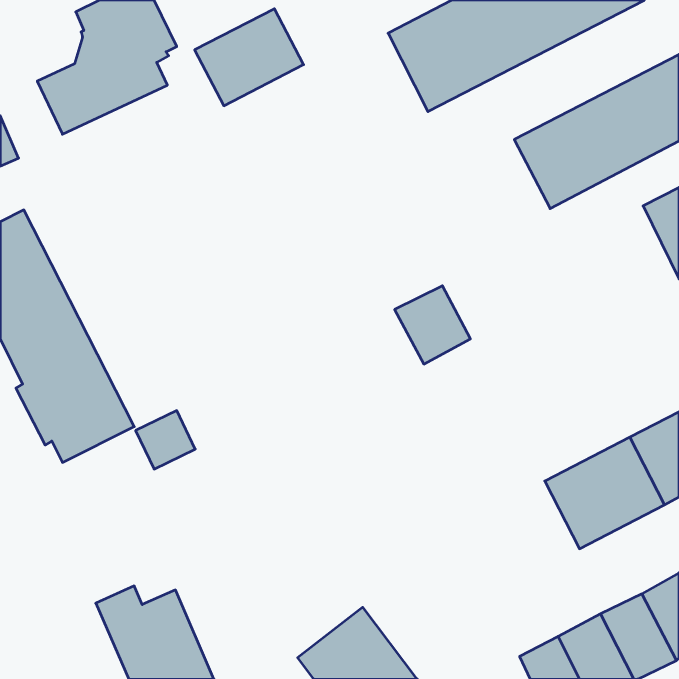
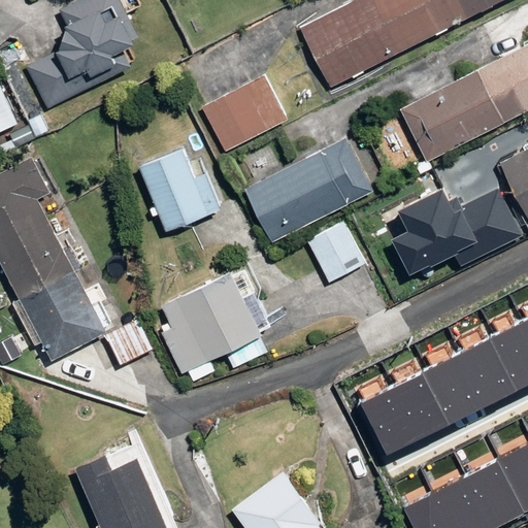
building: [195,9,304,106] -> [202,74,287,150]
building: none -> [244,137,372,242]
building: none -> [138,148,219,231]
building: none -> [394,188,523,276]
building: none -> [161,272,260,373]
building: none -> [363,373,450,456]

